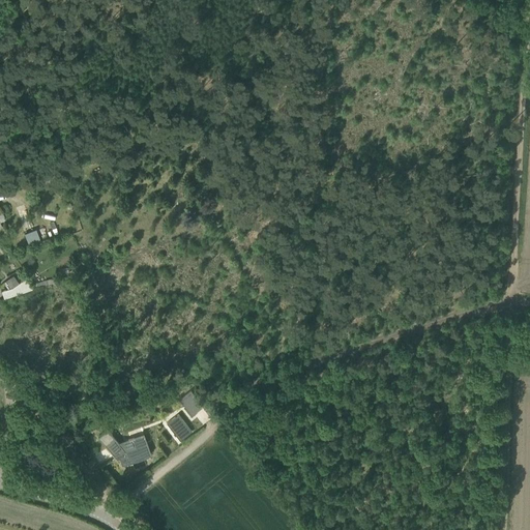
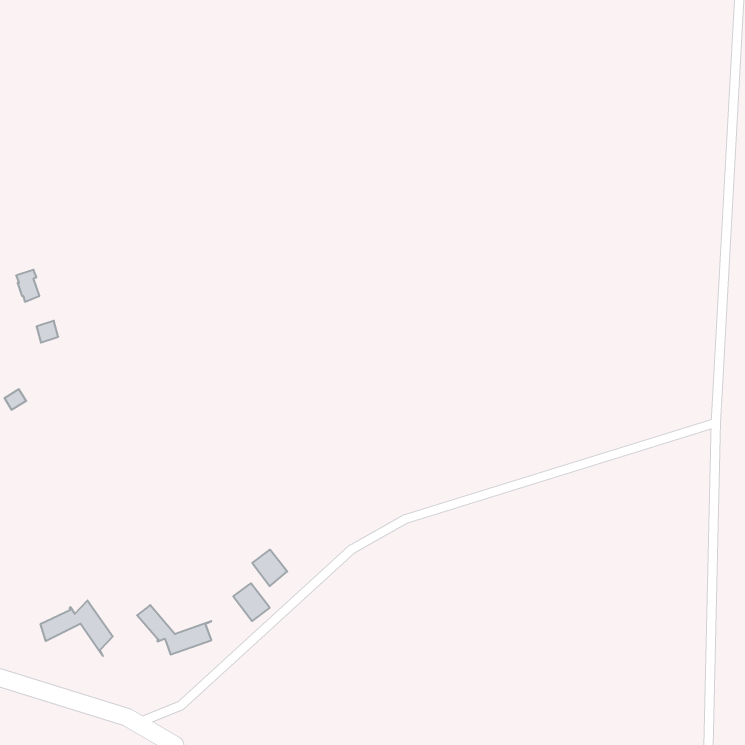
building: none -> [41,600,113,656]

